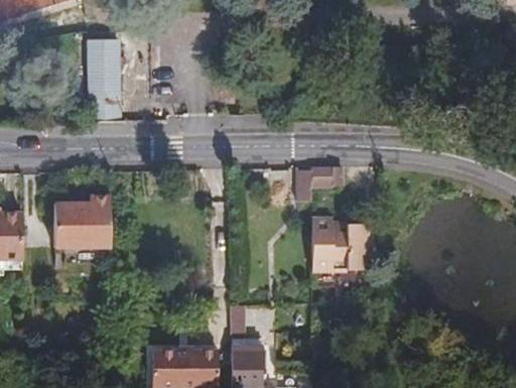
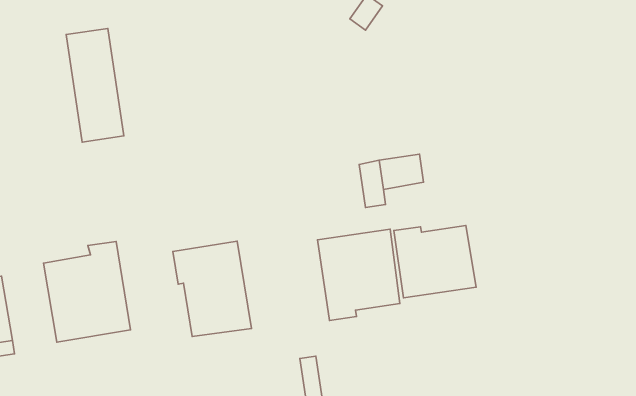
building: none -> [173,241,252,337]
building: none -> [318,229,400,320]

